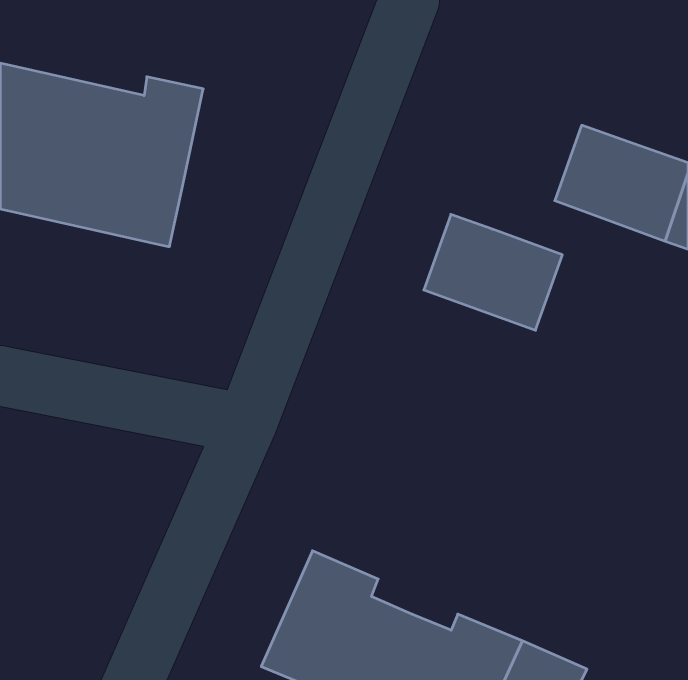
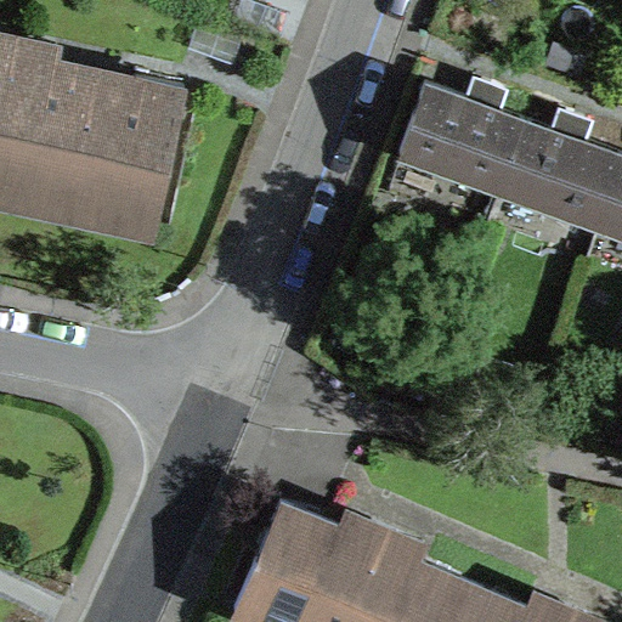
building: [424,214,562,330] -> [400,84,525,188]

